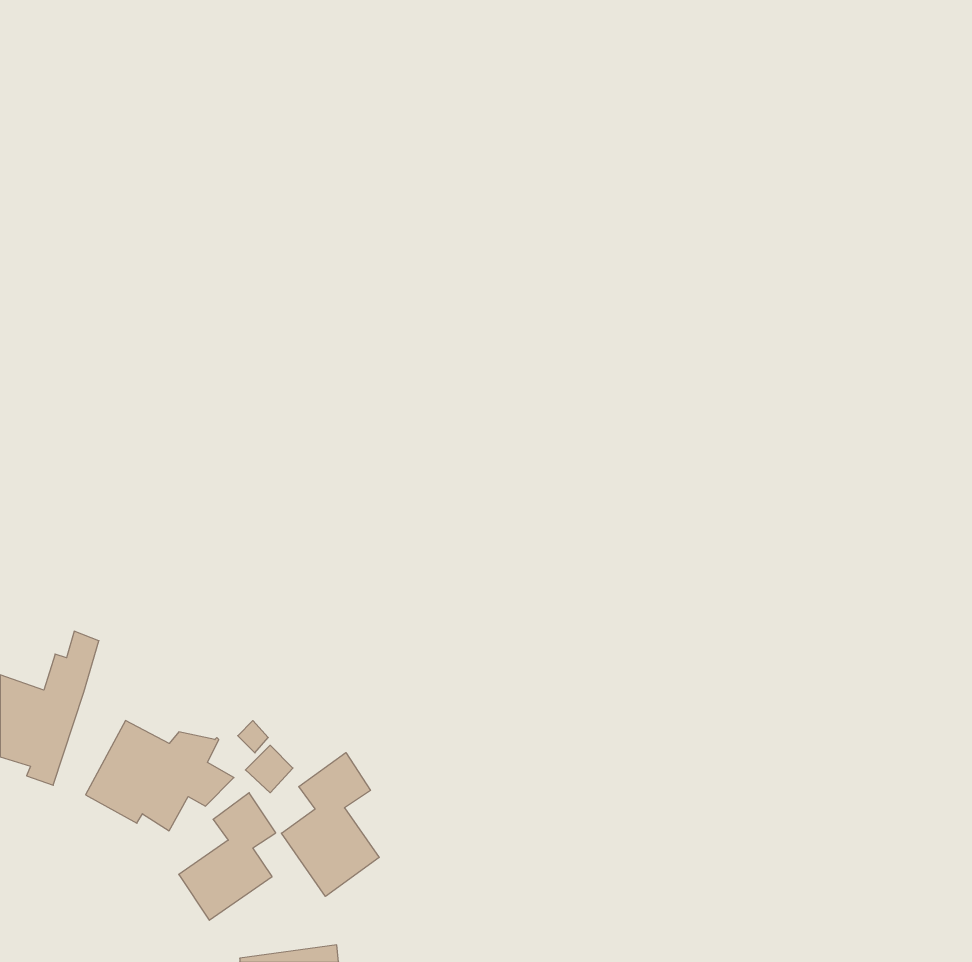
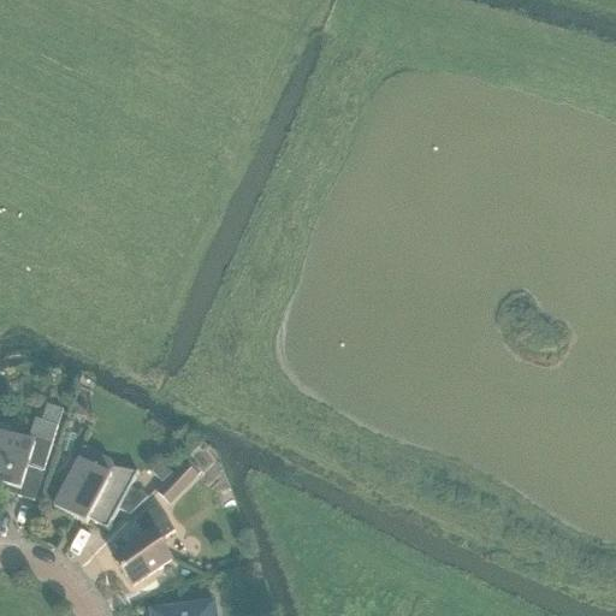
building: [281,753,379,896] -> none

